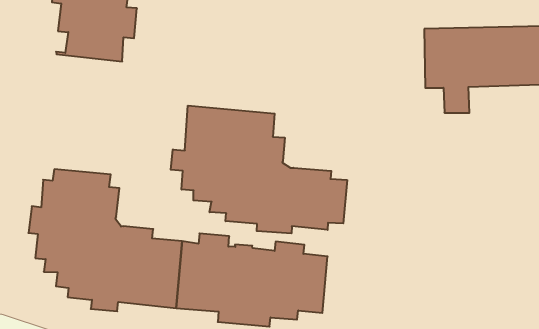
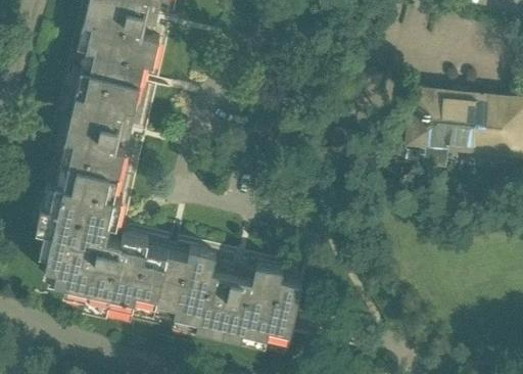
building: none -> [61,69,141,184]
building: [171,106,347,233] -> none

